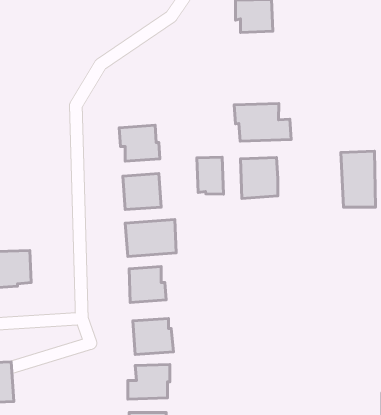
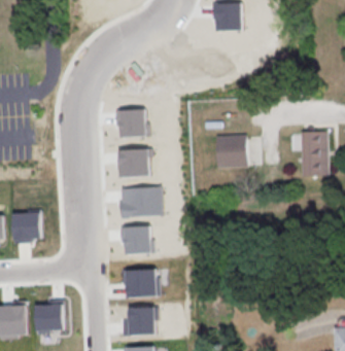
building: [234,104,291,141] -> none
building: [197,157,224,194] -> none
building: none -> [35,300,64,332]

